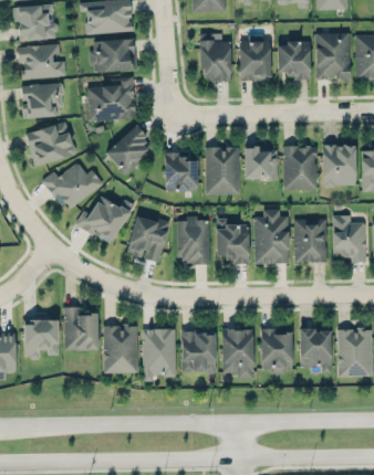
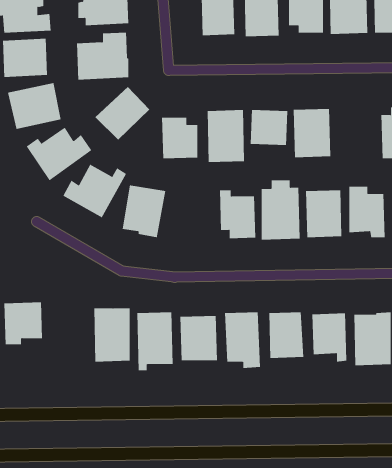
building: [323,145,356,187] -> none
building: [177,218,210,263] -> none
building: [63,306,100,350] -> none

